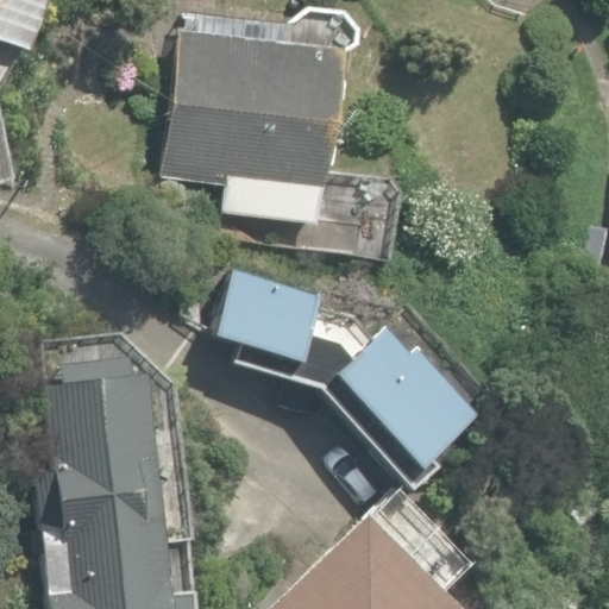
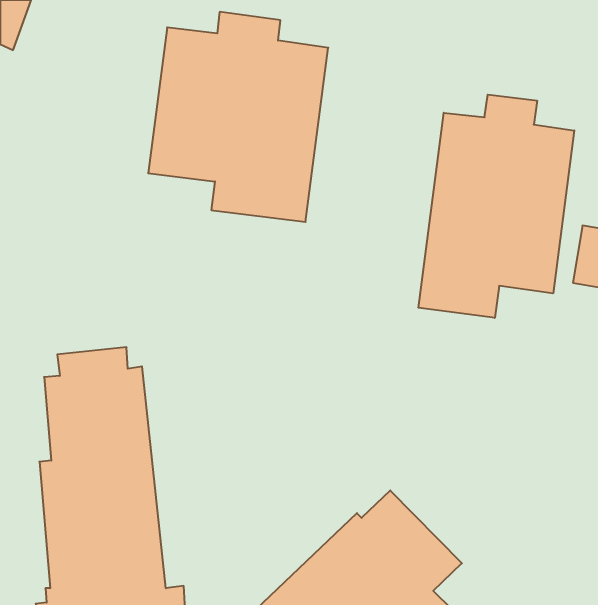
building: none -> [418,95,574,318]
building: [218,268,482,491] -> none

